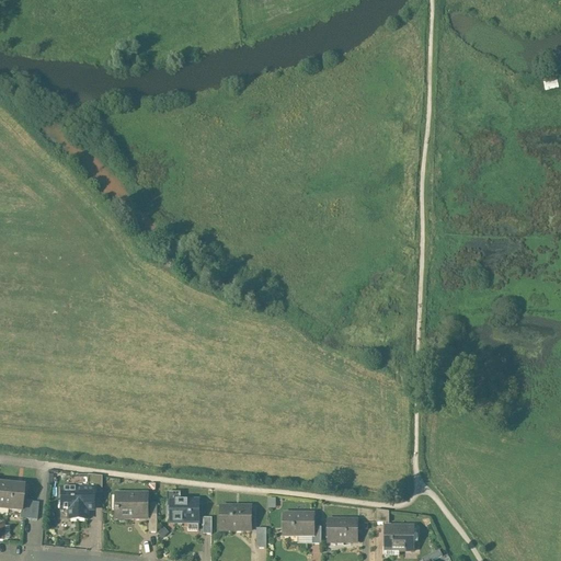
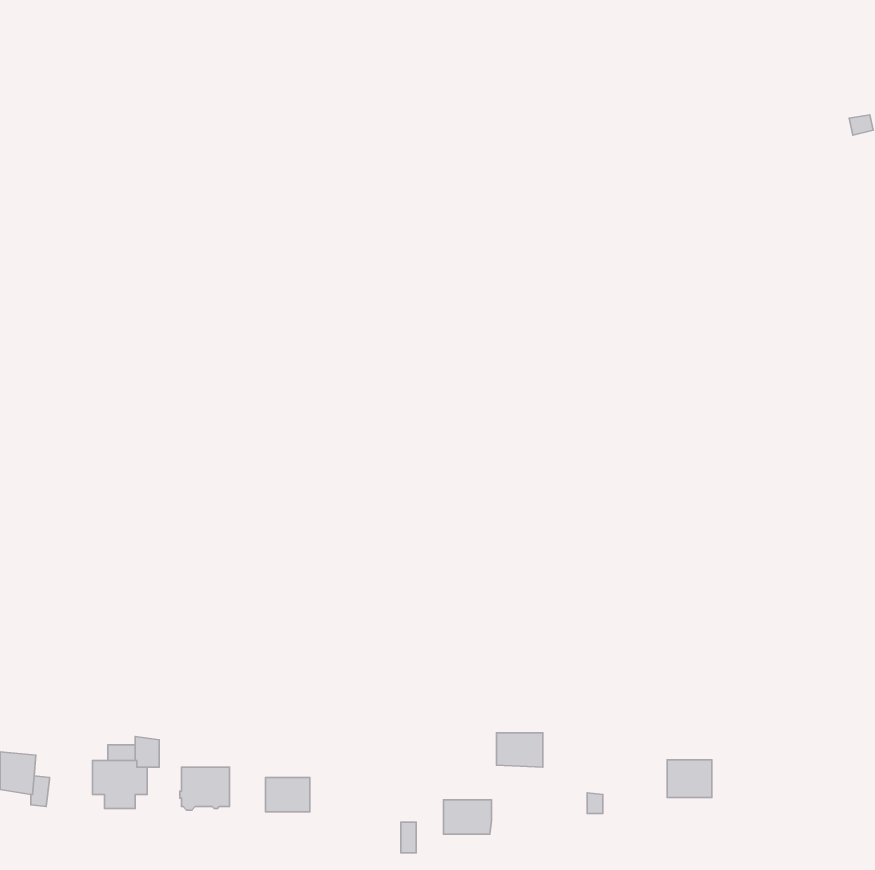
building: [220,504,251,528] -> none
building: [328,518,357,540] -> [496,733,543,767]
building: [385,524,413,548] -> [667,760,712,798]

